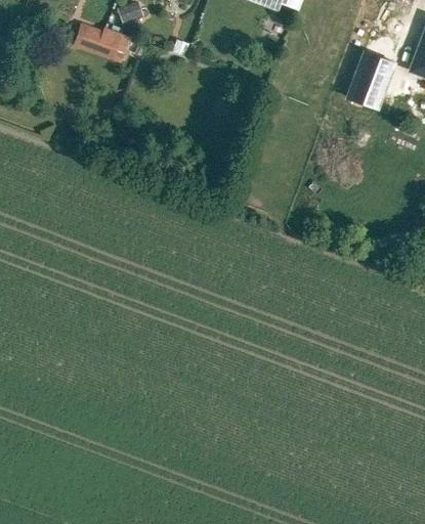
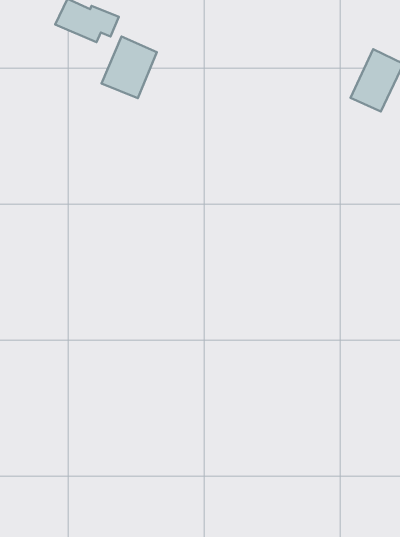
building: none -> [102,37,157,98]

